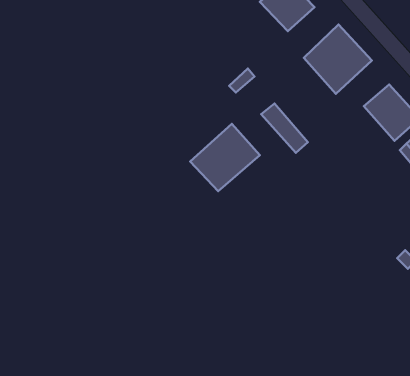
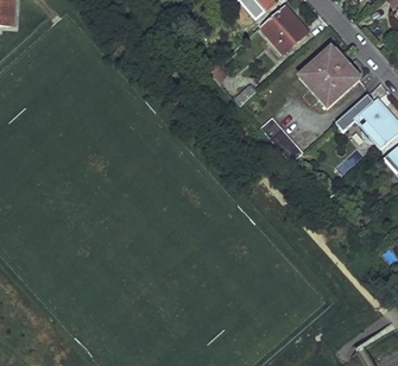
building: [190,124,260,191] -> none

